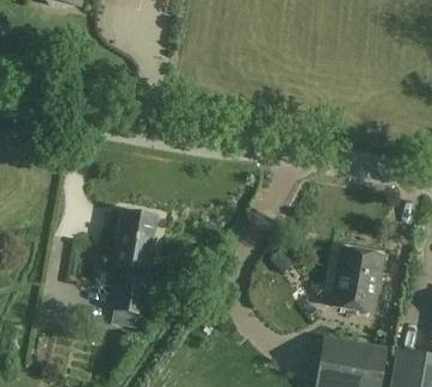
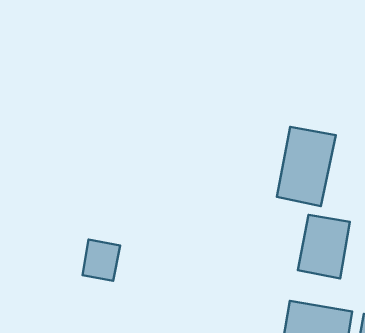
building: none -> [277,127,336,206]
building: [116,210,156,269] -> none

